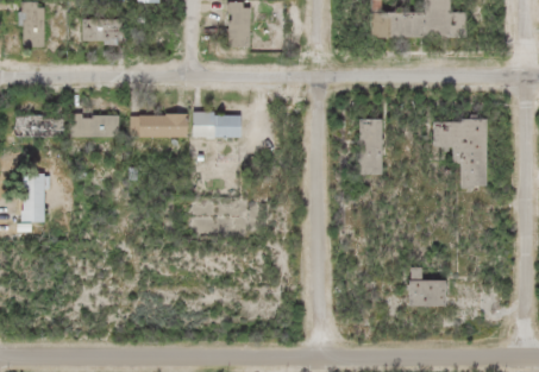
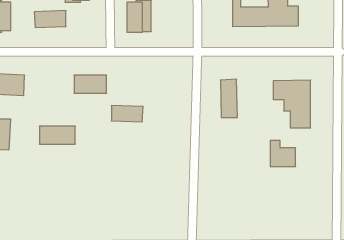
building: [196,113,243,137] -> [111,106,143,122]
building: [75,114,127,140] -> [39,126,75,144]
building: [405,267,441,305] -> [270,141,296,167]

